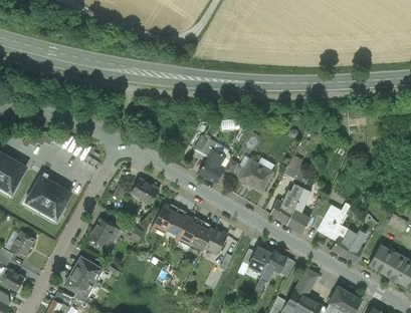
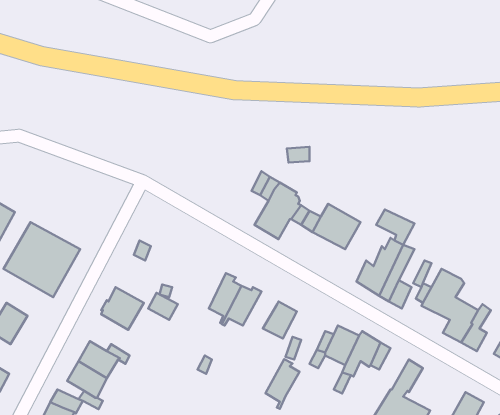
building: [131,177,160,205] -> none
building: [151,204,178,233] -> none
building: [190,221,214,256] -> [266,359,300,409]

